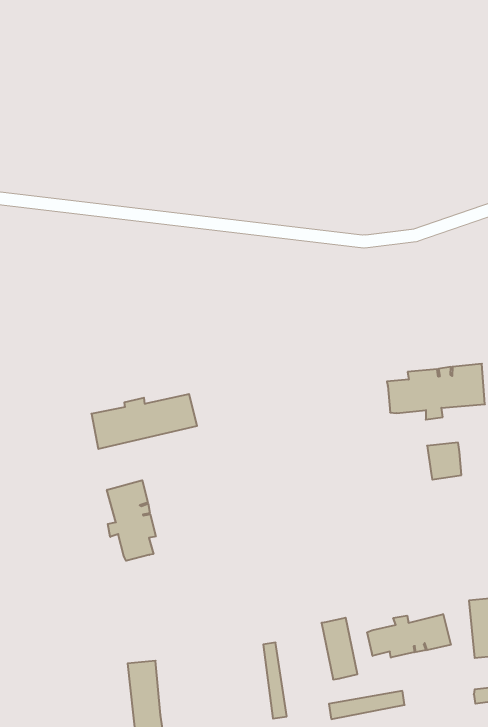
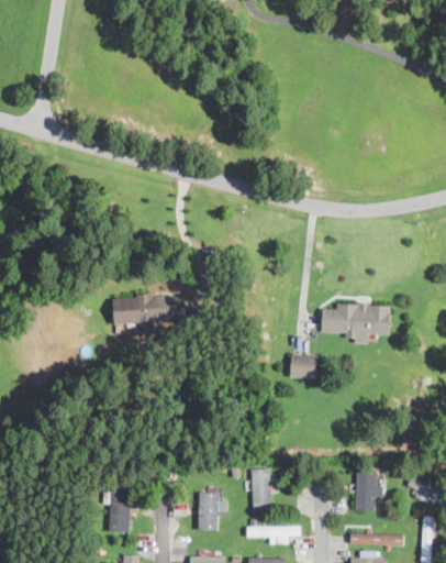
building: [427,443,461,480] -> [291,354,313,378]
building: [107,480,156,561] -> none
building: [367,614,451,658] -> none

